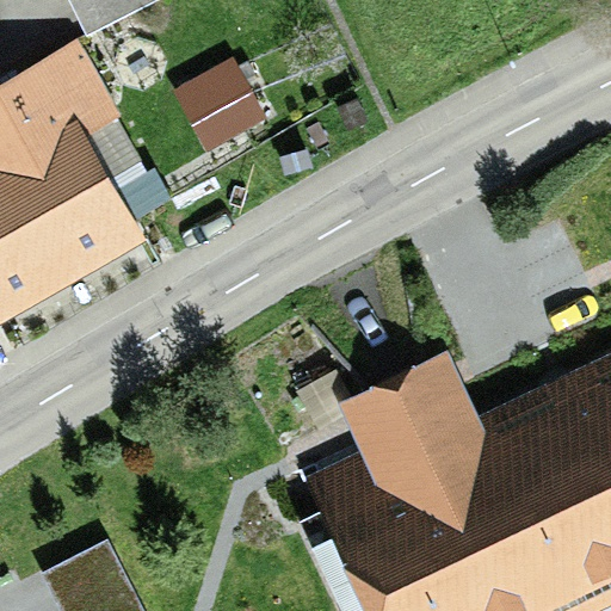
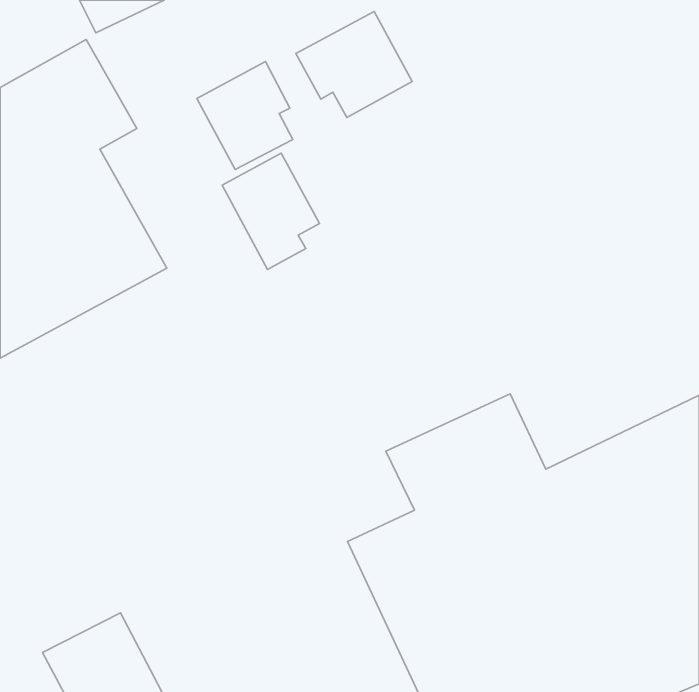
building: none -> [296,11,412,117]
building: none -> [222,153,320,269]

